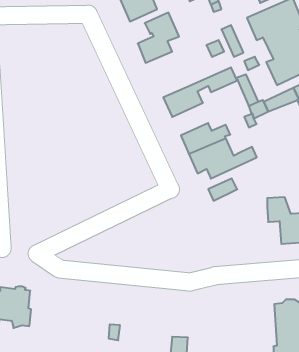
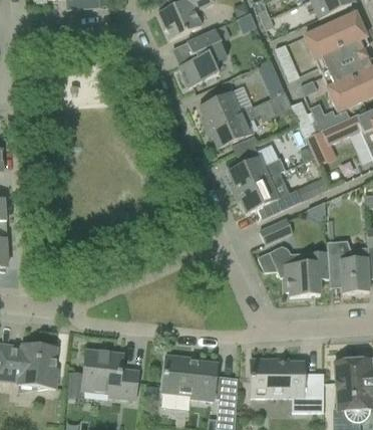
building: none -> [200,90,241,126]
building: none -> [270,244,330,295]
building: none -> [67,349,138,398]
building: none -> [162,354,218,400]
building: none -> [251,358,324,411]

